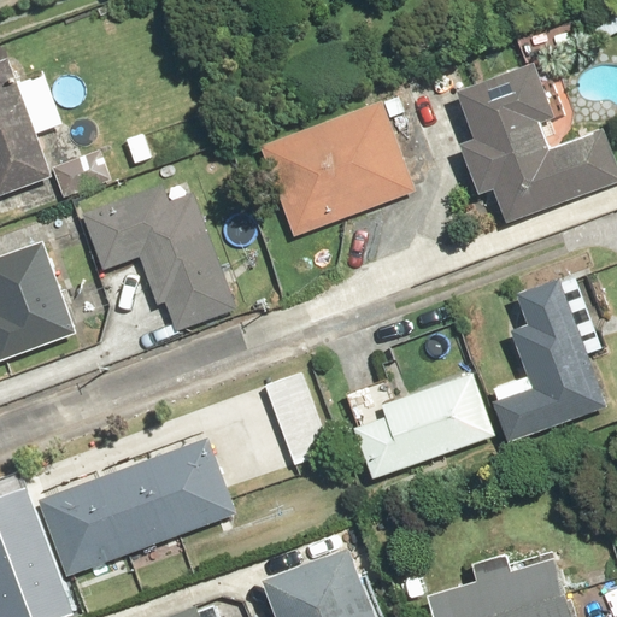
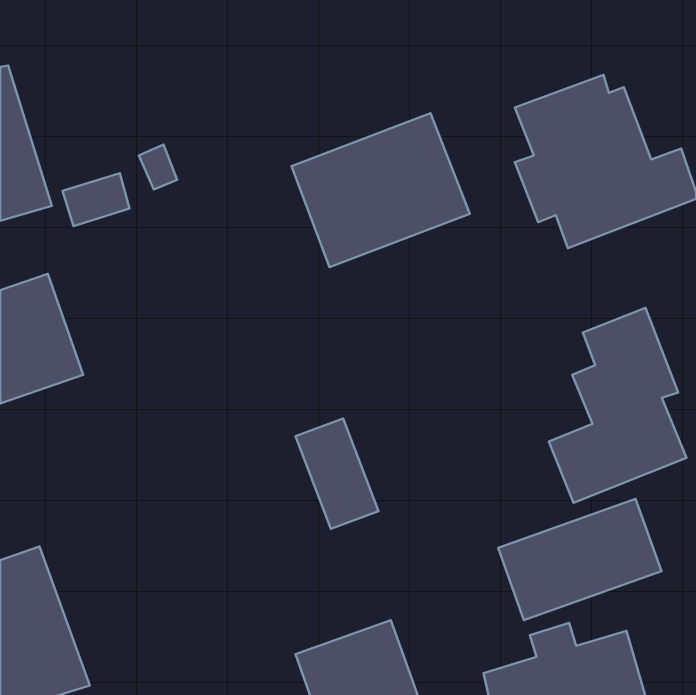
building: [83,187,235,330] -> none
building: [349,374,494,481] -> [498,499,661,620]
building: [43,436,237,569] -> none

